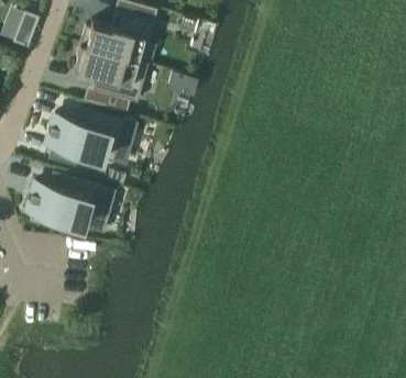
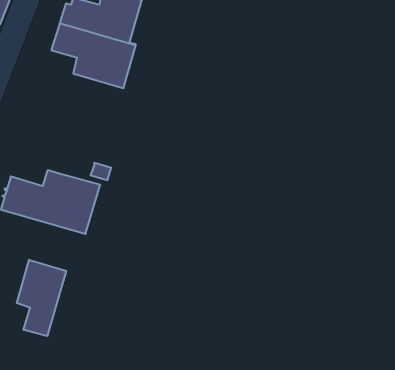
building: [46,110,124,164] -> none
building: none -> [17,260,66,336]

